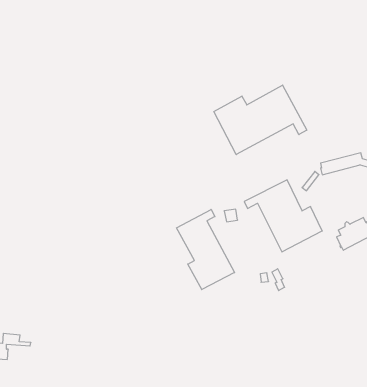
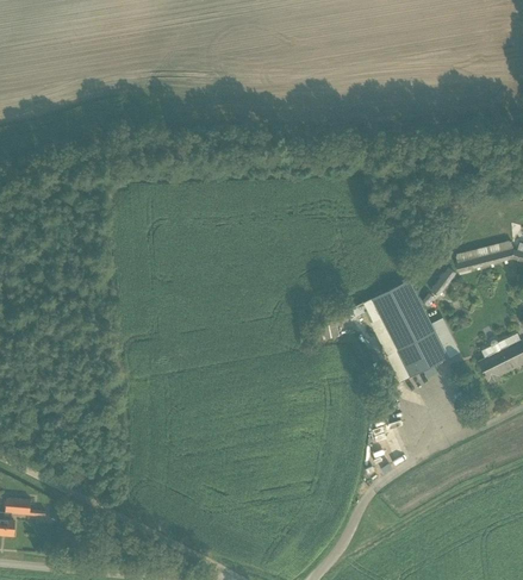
building: [214,85,307,155] -> none
building: [177,209,235,290] -> none

